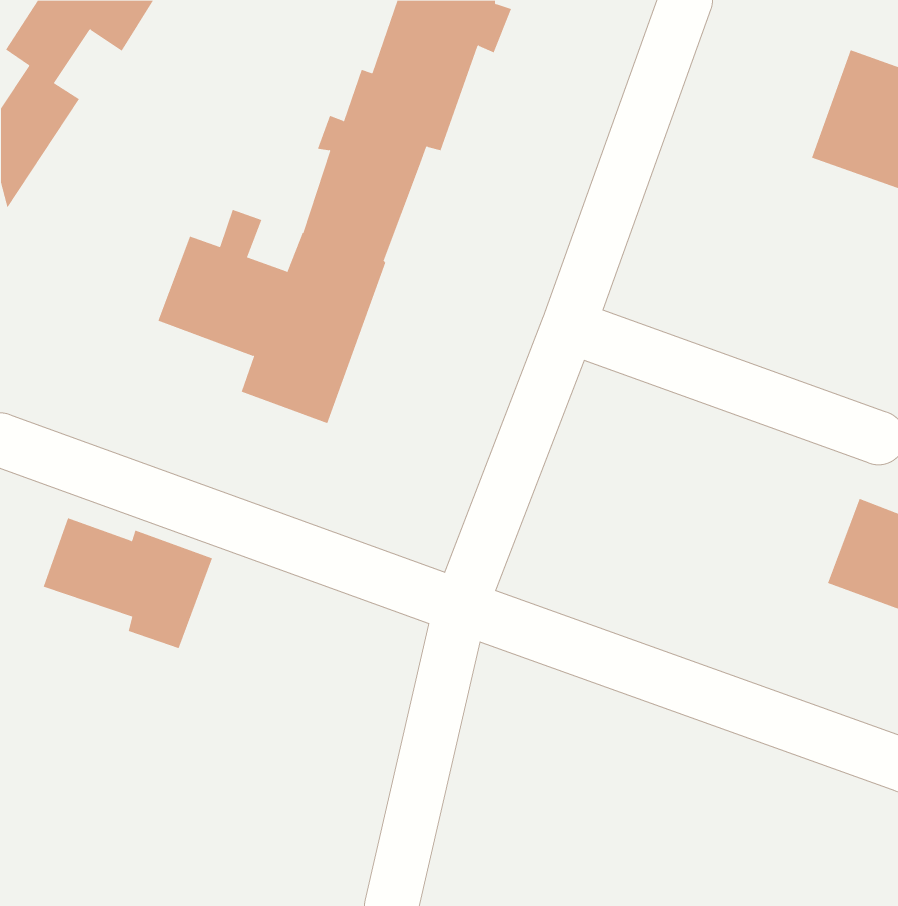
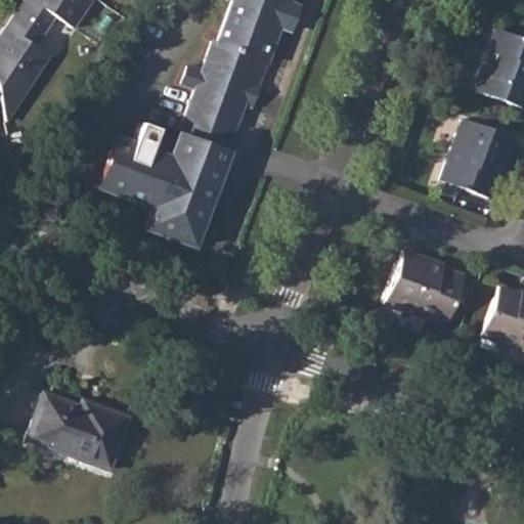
building: none -> [440,120,514,198]
building: none -> [386,251,466,326]
building: [43,518,213,649] -> [27,392,125,468]

